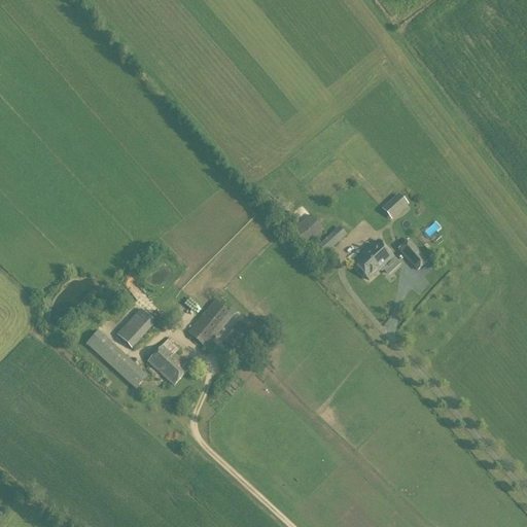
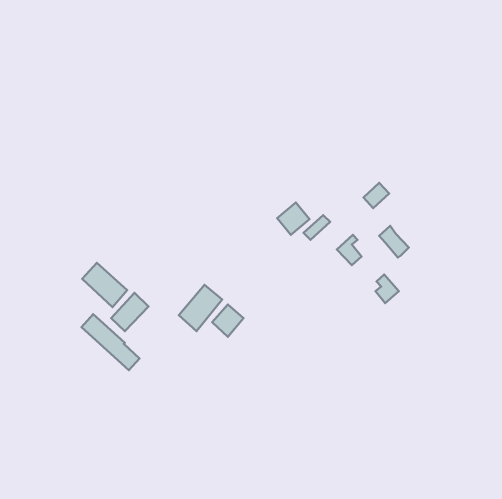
building: [368,239,393,269] -> [375,275,399,303]
building: none -> [82,263,127,307]
building: [147,339,187,384] -> none

